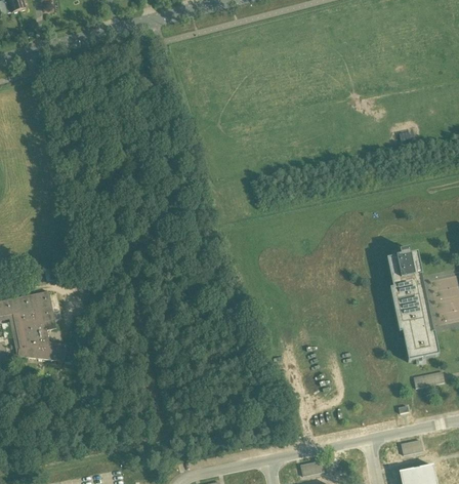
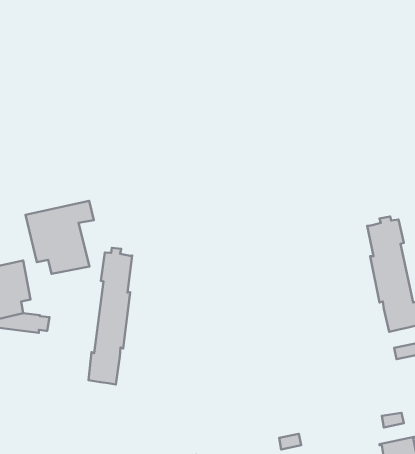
building: none -> [25,201,94,274]
building: none -> [88,248,132,385]

